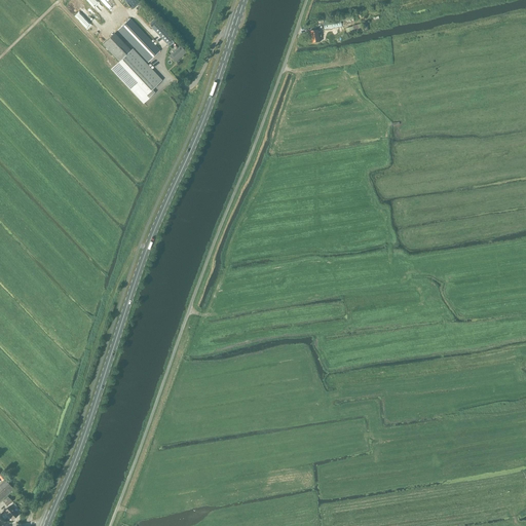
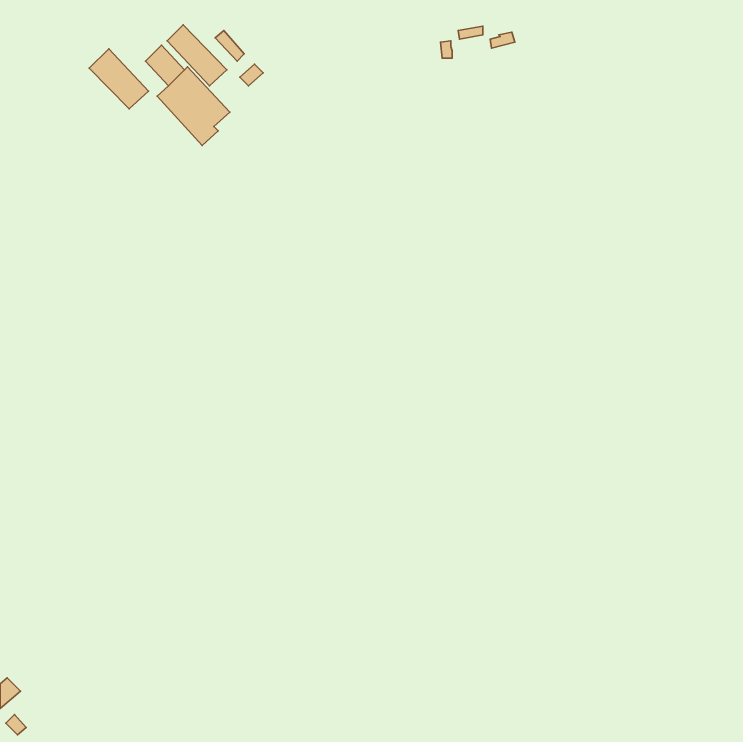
building: none -> [89,49,148,109]

